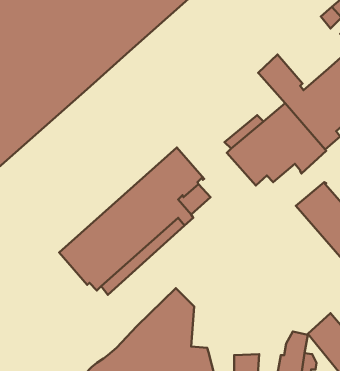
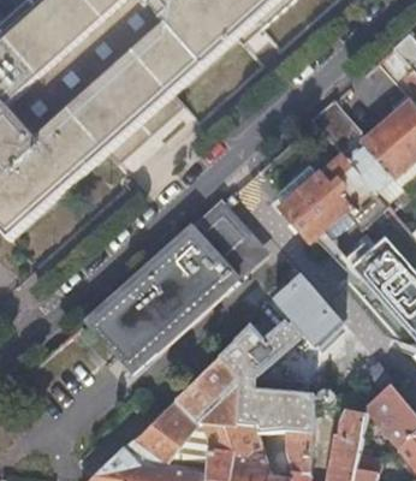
building: none -> [220,275,340,432]

